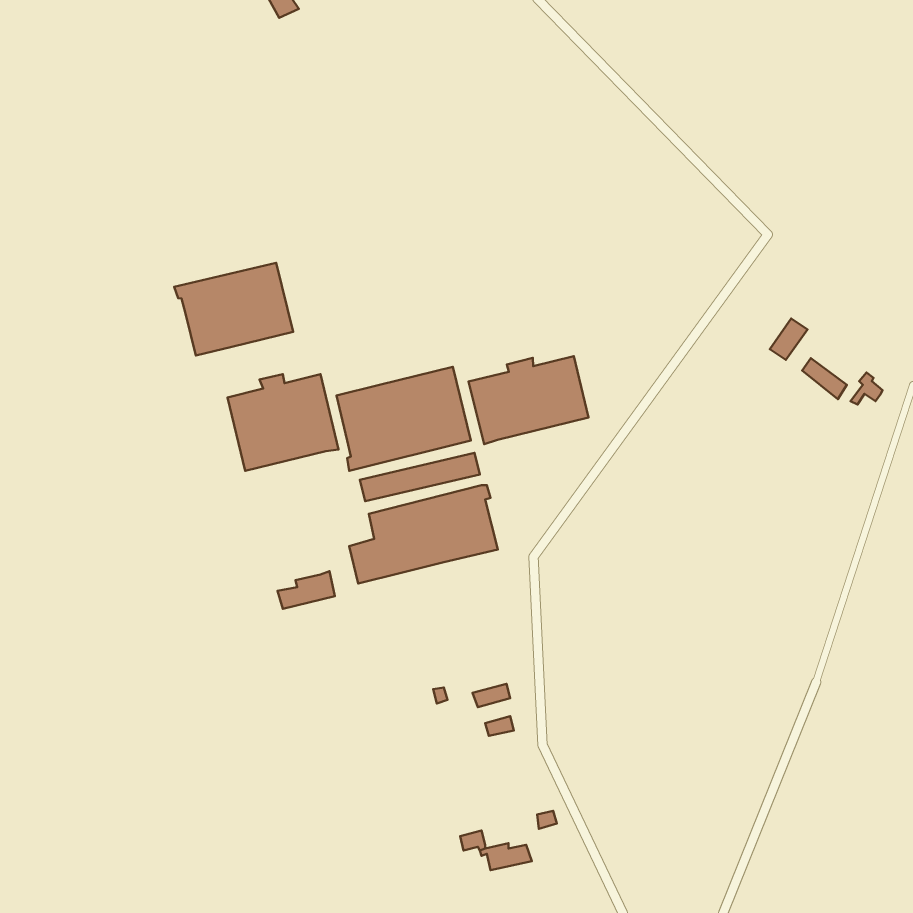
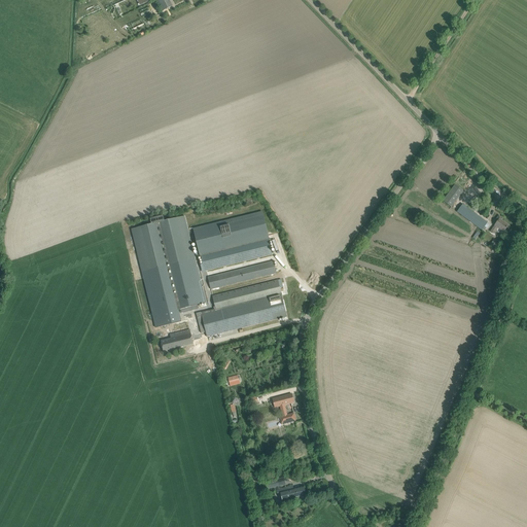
building: [174,263,293,356] -> none
building: [468,356,589,444] -> none
building: none -> [141,258,205,327]

